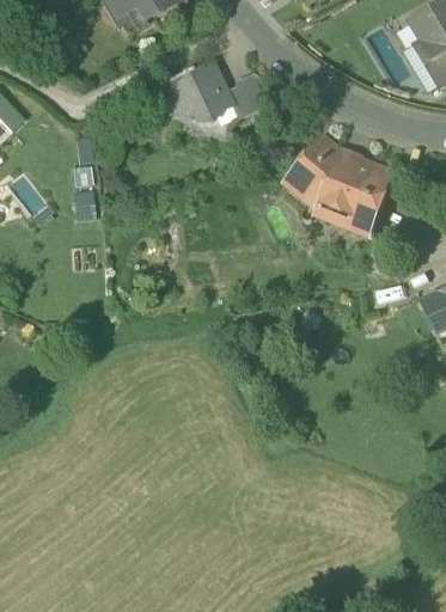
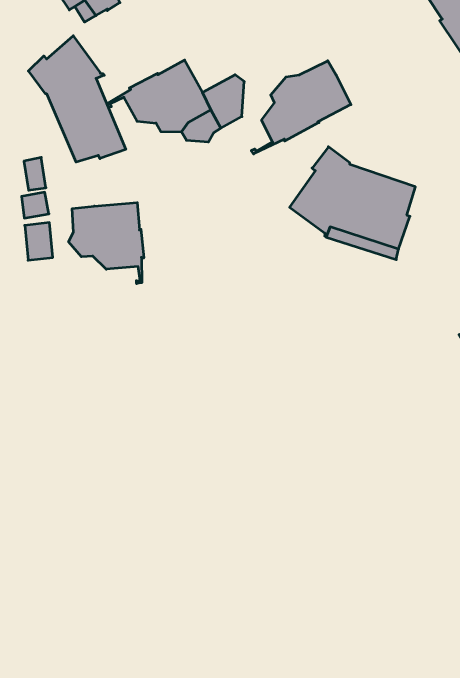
building: none -> [28,36,126,162]
building: none -> [251,61,351,154]
building: none -> [69,203,144,284]

